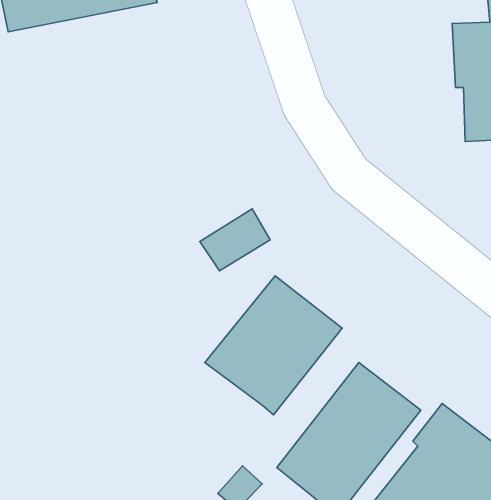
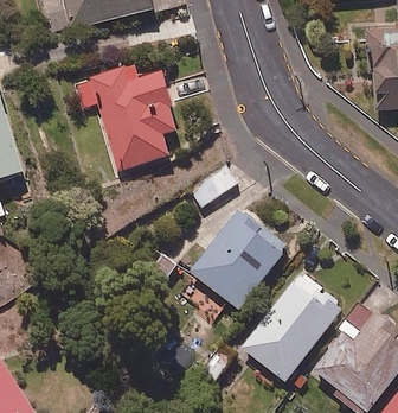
building: none -> [76,64,180,170]

